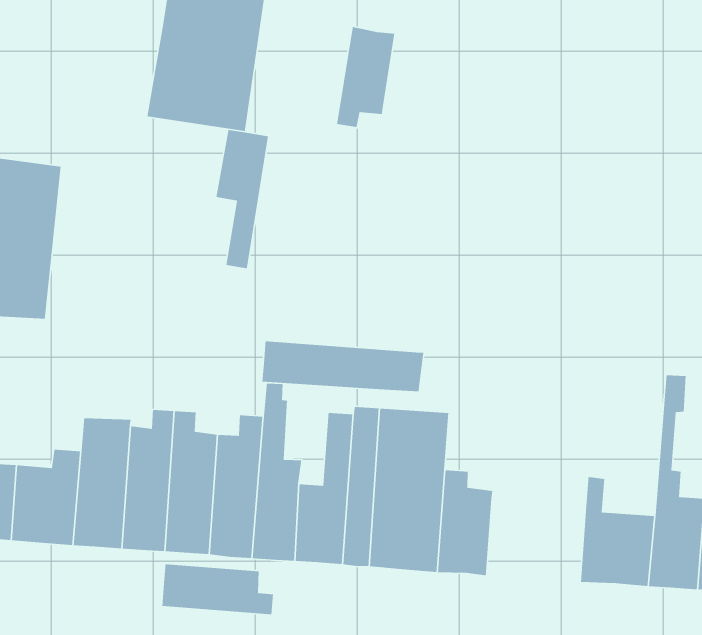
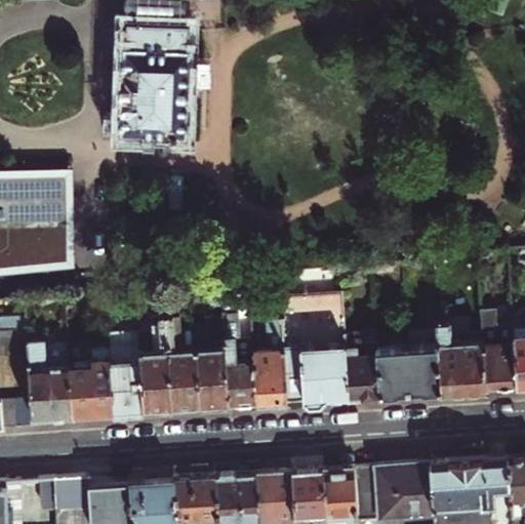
building: [336,26,395,128] -> none
building: [216,129,269,269] -> none
building: [261,341,424,392] -> none
building: none -> [371,347,435,400]
building: [161,564,274,615] -> none

